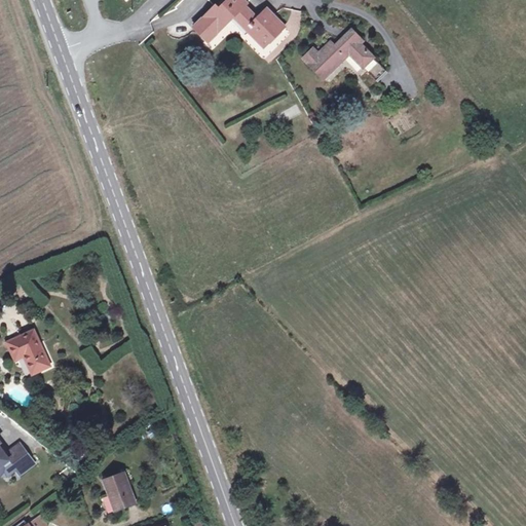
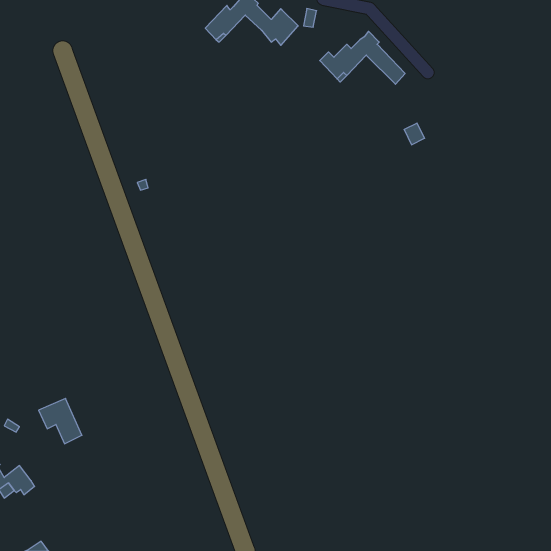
building: [7,330,48,373] -> [39,398,82,444]
building: [103,471,135,509] -> none

